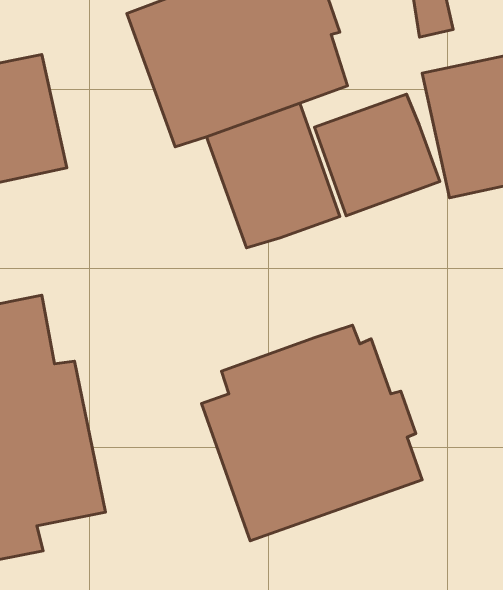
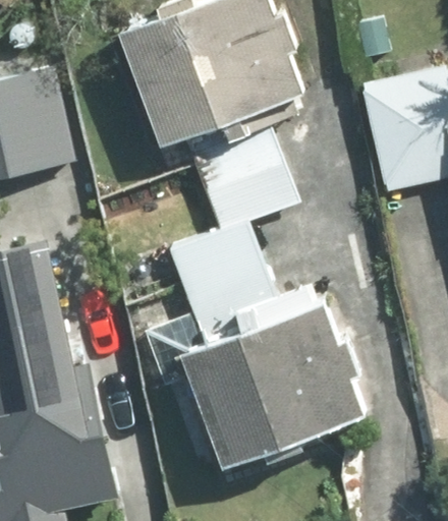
building: [314,94,440,216] -> none
building: none -> [169,220,275,329]

